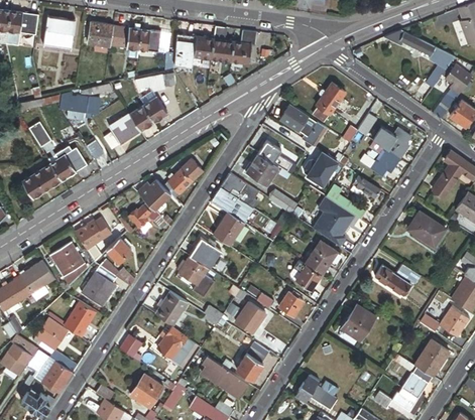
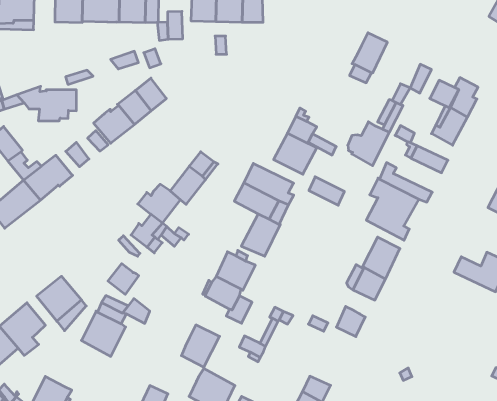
building: [279,105,327,147] -> none
building: [76,218,112,251] -> none
building: [65,301,96,336] -> none
building: [235,303,264,333] -> none
building: [341,304,375,340] -> none

